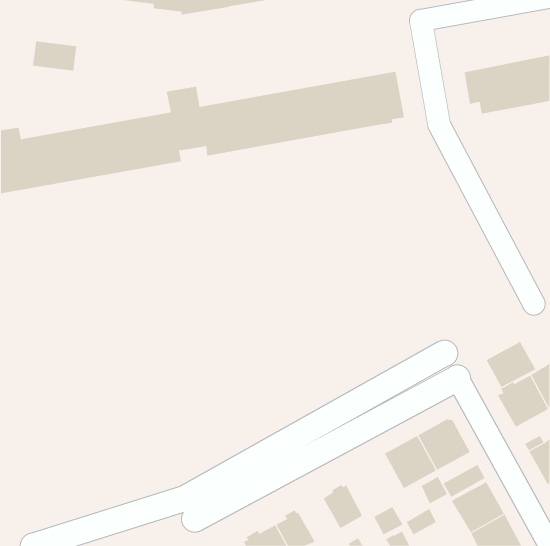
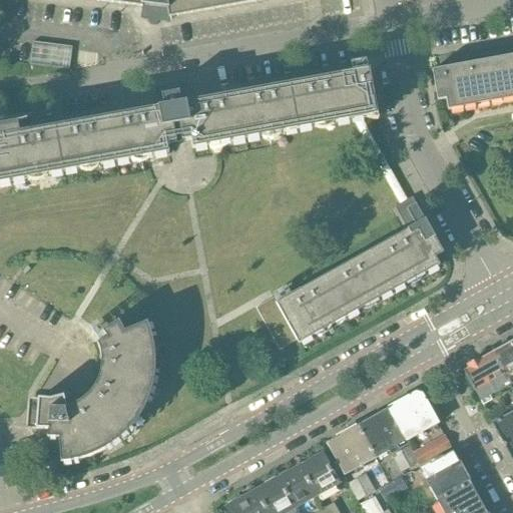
building: none -> [276,115,443,341]
building: [486,341,536,388] -> none
building: none -> [32,318,155,459]
building: none -> [326,422,376,472]
building: none -> [278,464,317,504]

